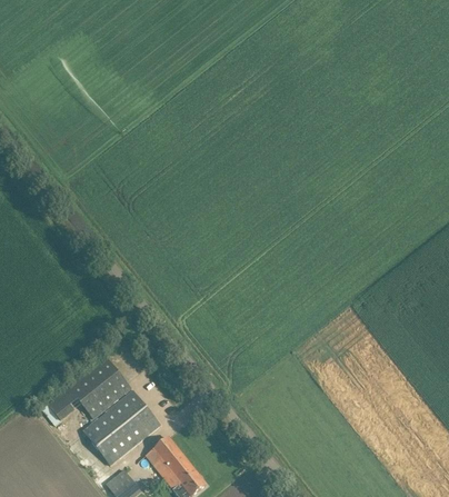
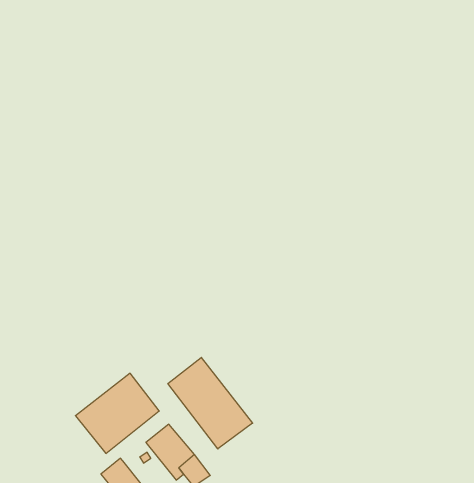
building: [68,358,130,419] -> none
building: none -> [168,357,253,449]

